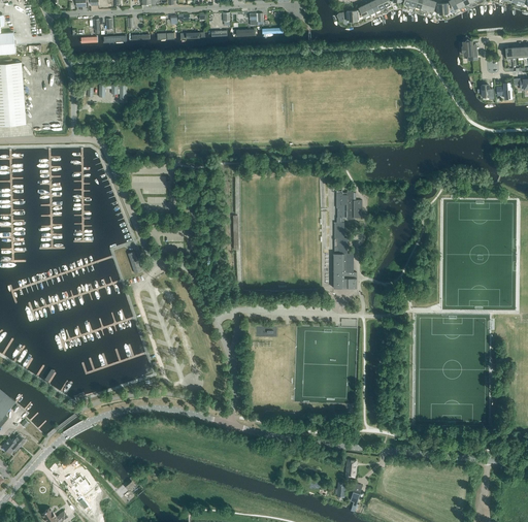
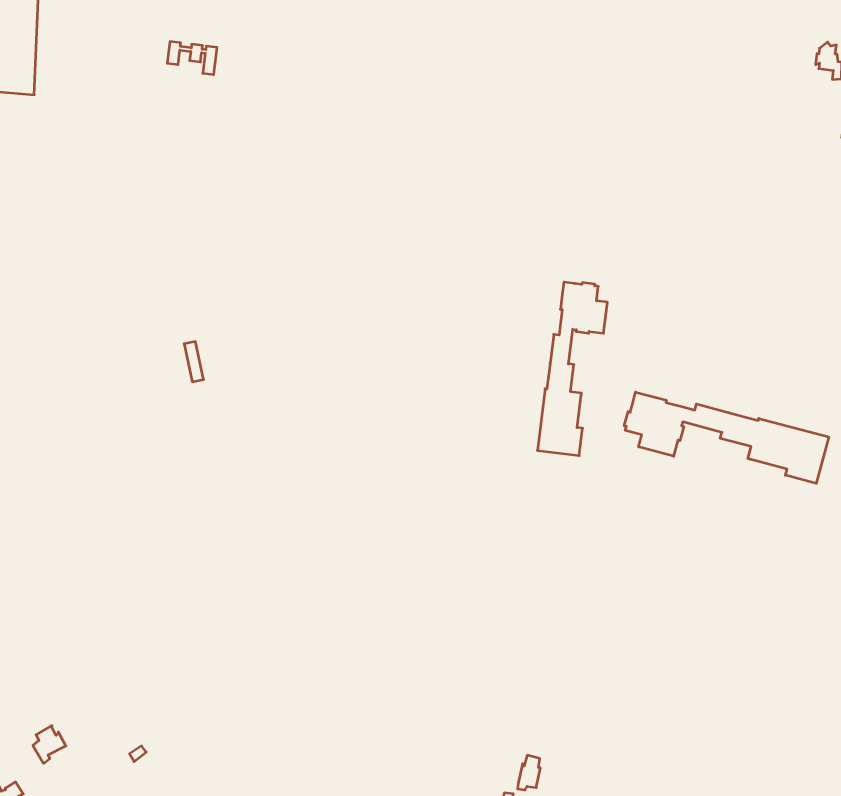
building: none -> [624,392,829,483]

